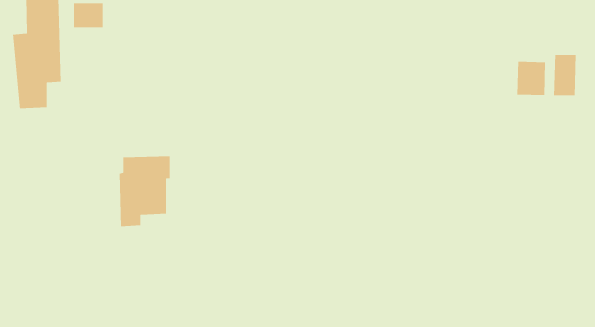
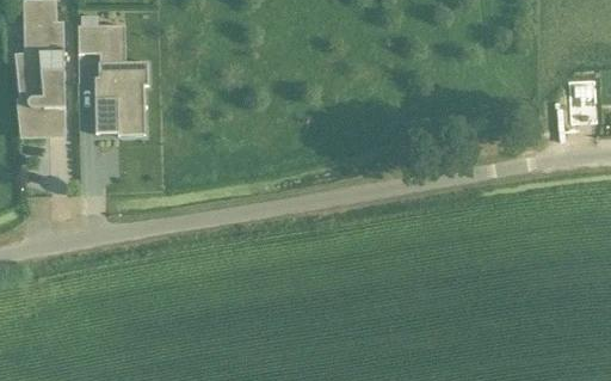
building: [517,61,546,96] -> none
building: [119,156,170,227] -> [95,60,148,133]

